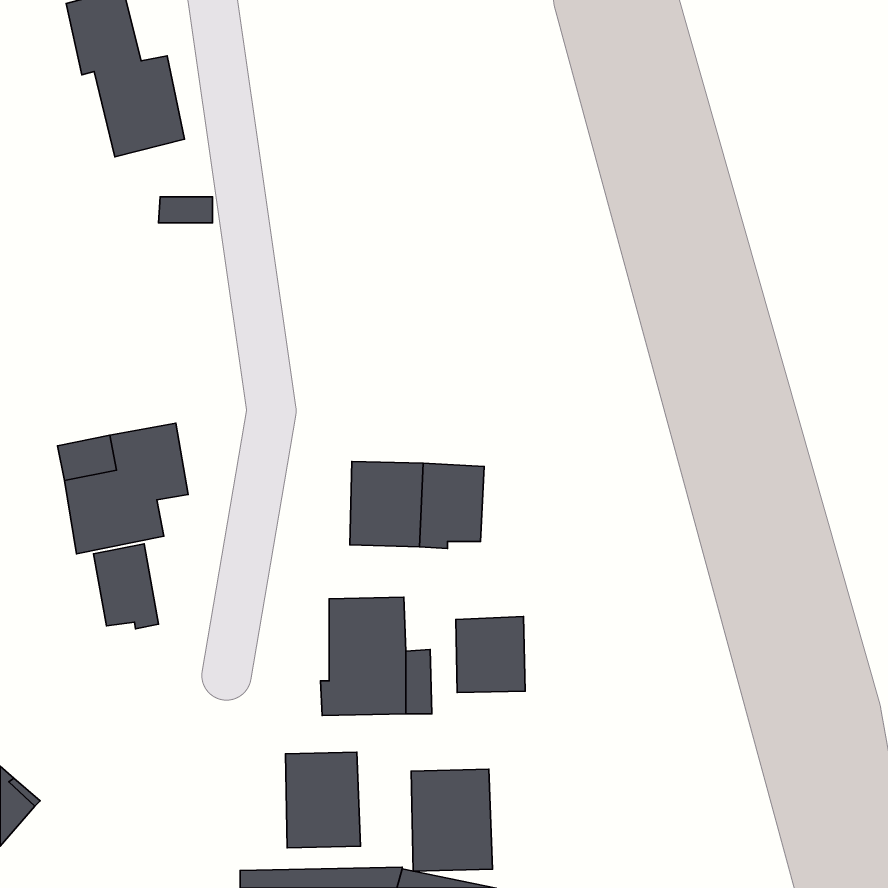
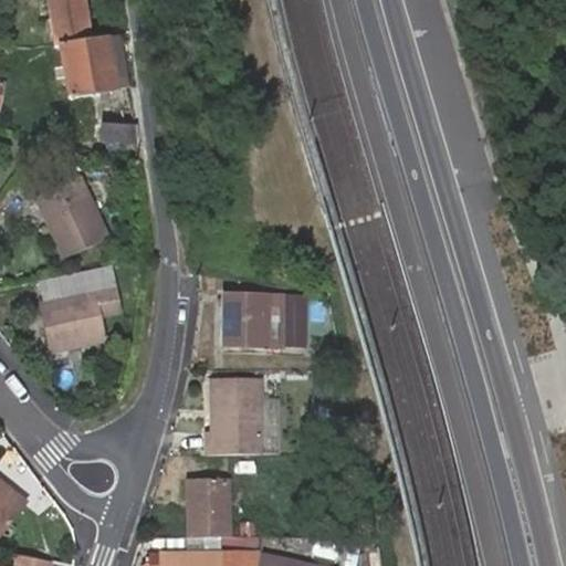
building: none -> [39,179,109,260]
building: [93,544,159,629] -> none
building: [456,617,525,692] -> none
building: [411,769,493,871] -> none

